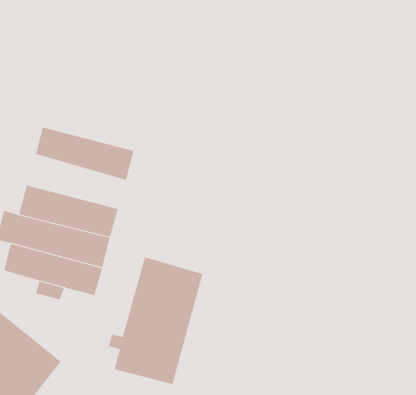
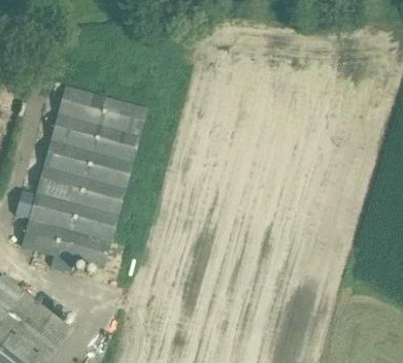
building: none -> [57,86,148,137]
building: none -> [42,140,133,190]
building: [108,257,203,385] -> none

